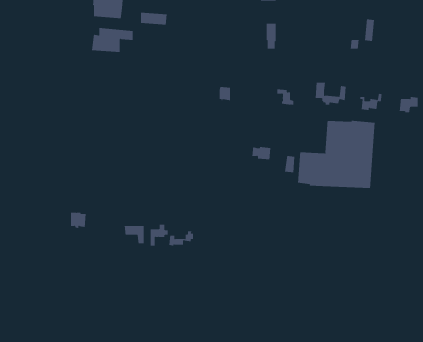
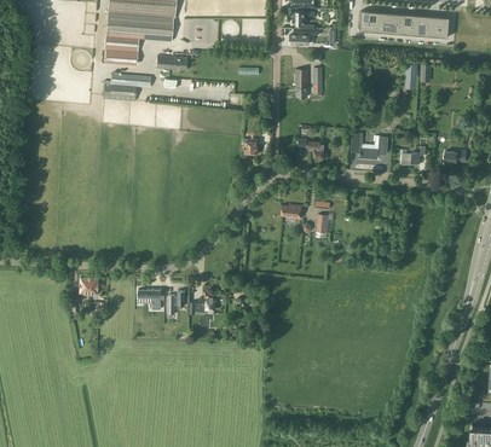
building: [298,120,375,189] -> none

